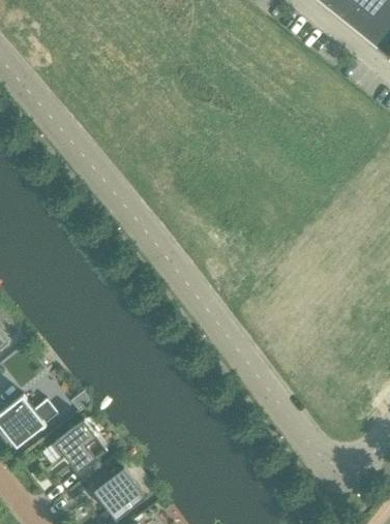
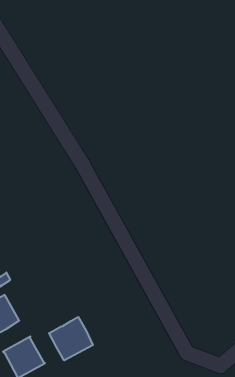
building: none -> [49,317,93,360]

